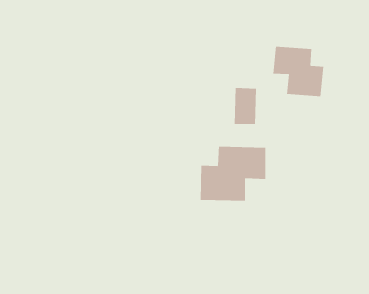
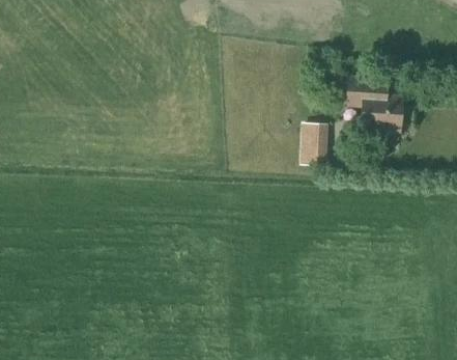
building: [200,146,266,202] -> none

